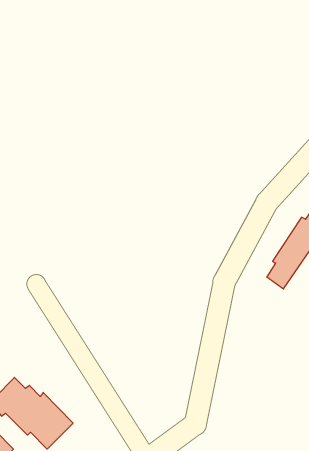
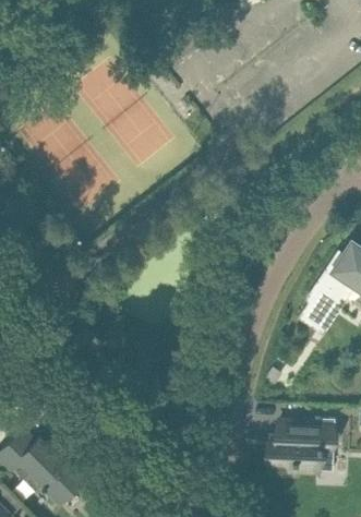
building: none -> [268,418,335,474]

